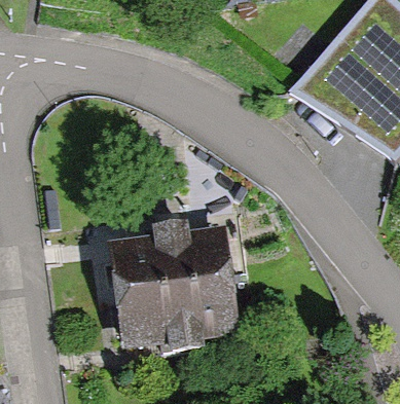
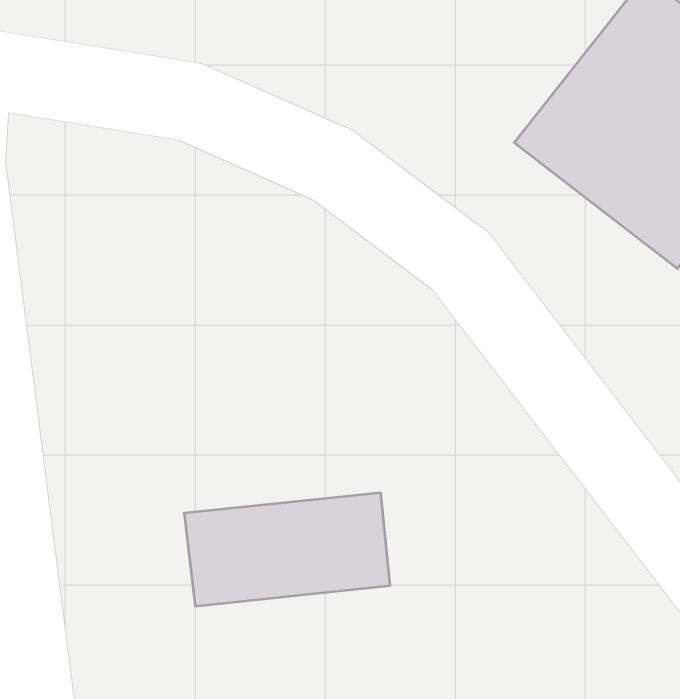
building: [115,228,229,292] -> none

